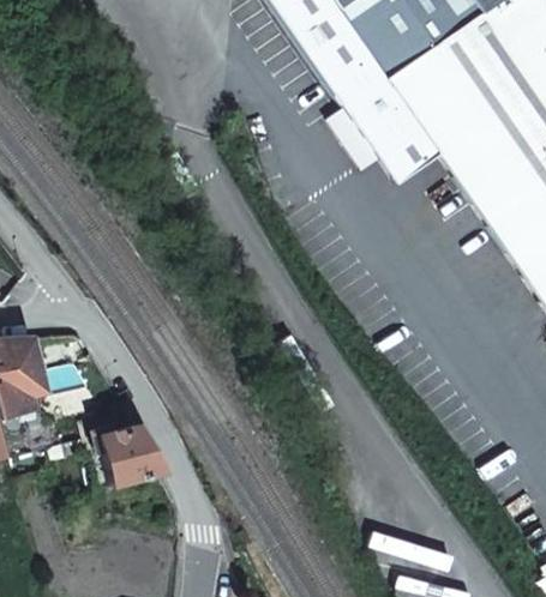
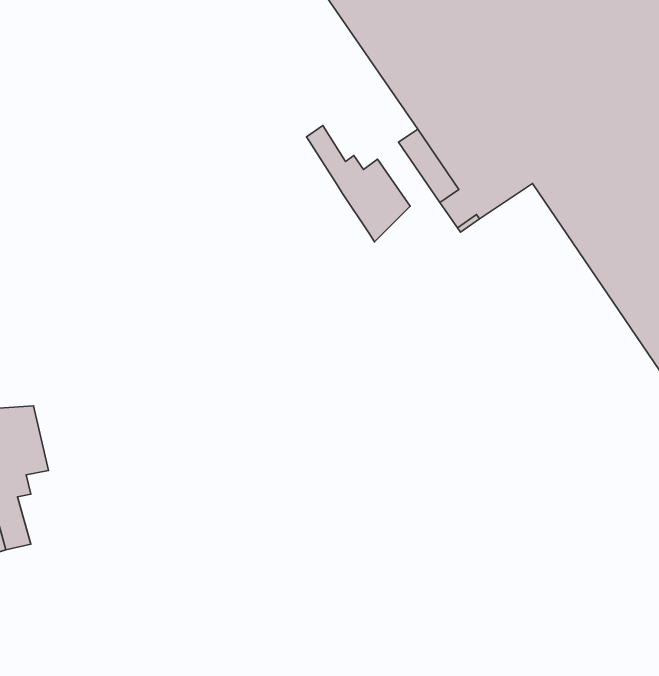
building: none -> [307,126,410,242]
building: [102,420,164,482] -> none

